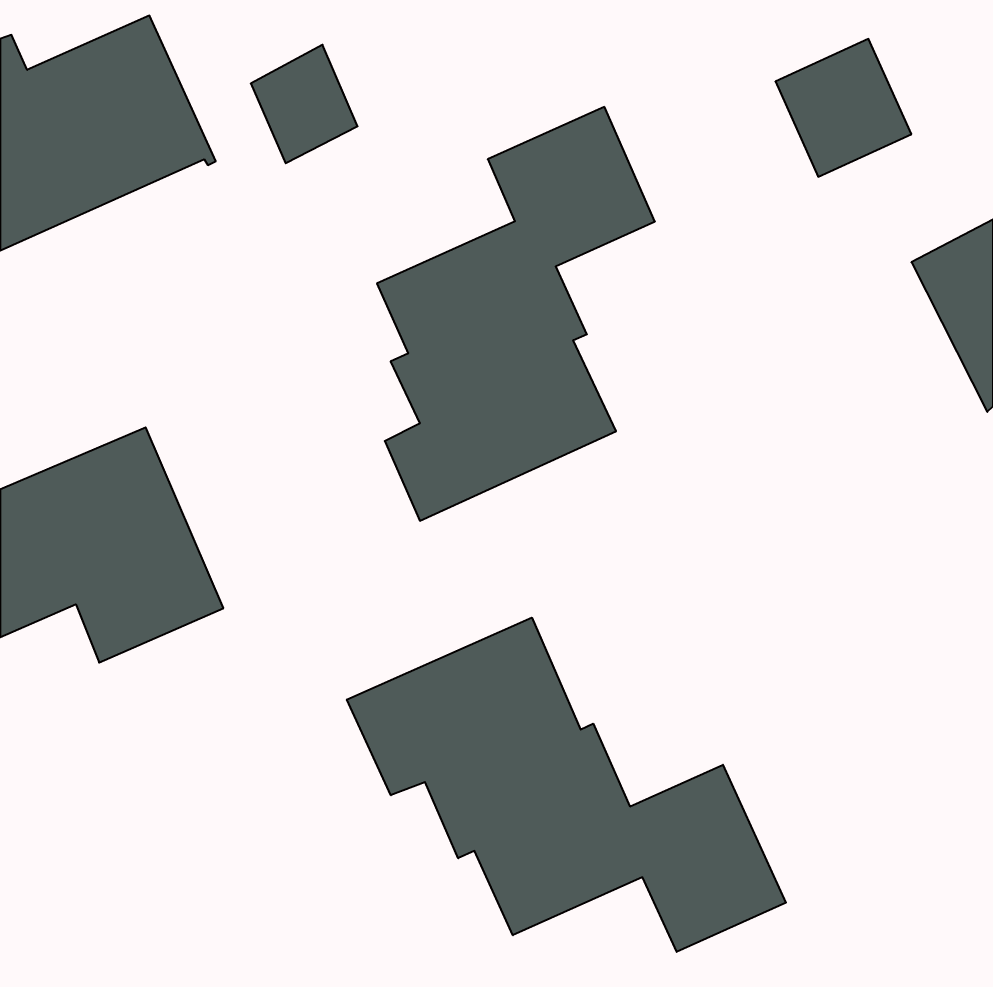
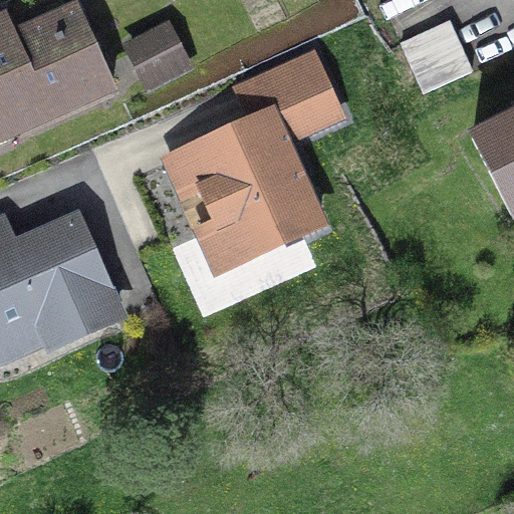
building: [347,618,786,952] -> none

